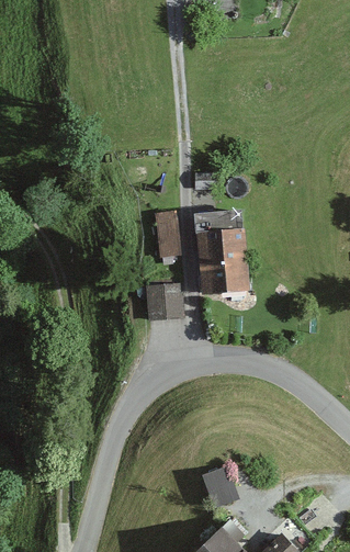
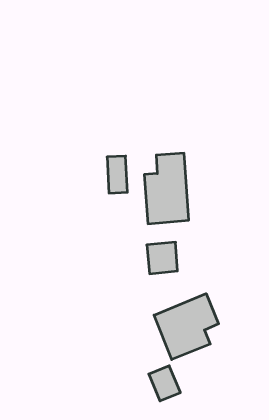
building: [144,284,180,322] -> [147,242,177,274]
building: none -> [154,294,219,360]

